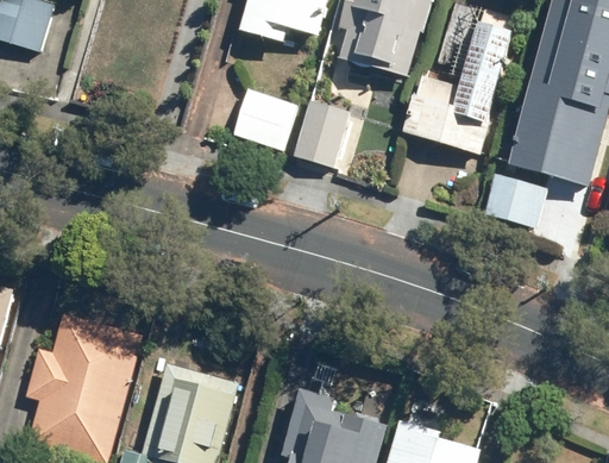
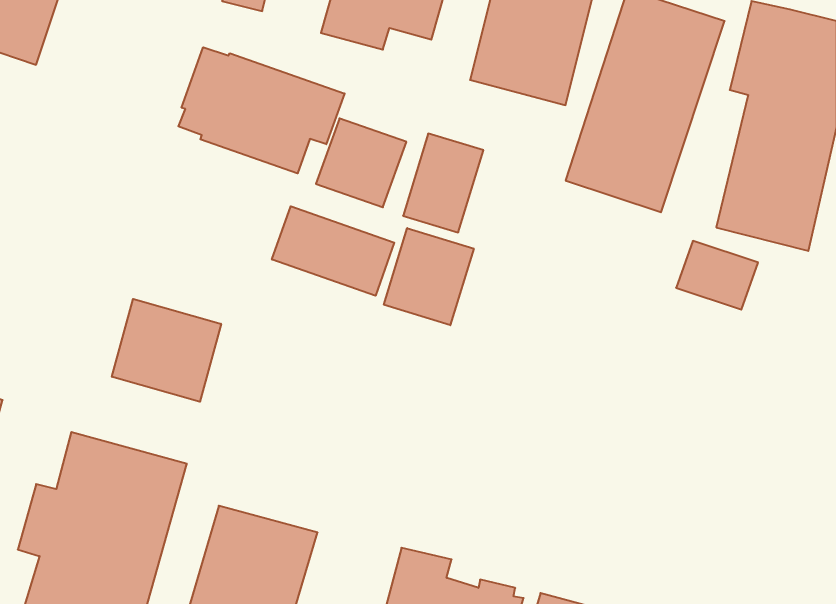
building: none -> [178,47,345,173]
building: none -> [272,206,394,296]
building: none -> [384,228,474,325]
building: none -> [112,299,221,402]

